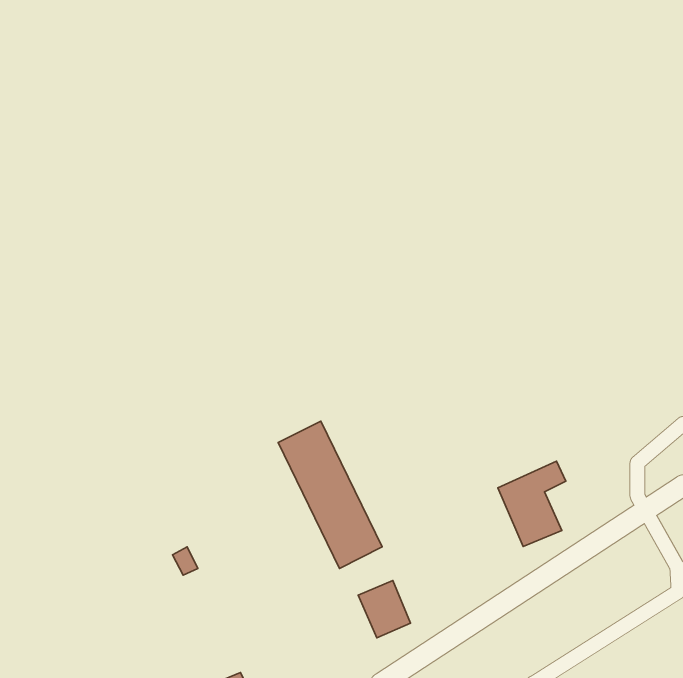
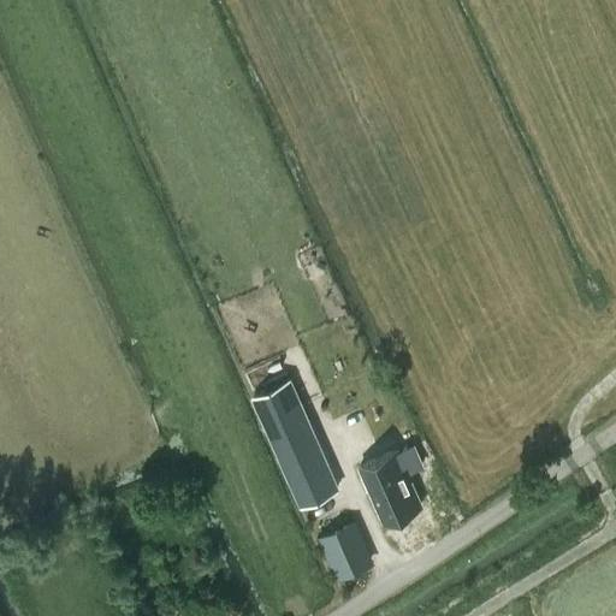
building: [498,461,566,547] -> [360,448,421,525]

